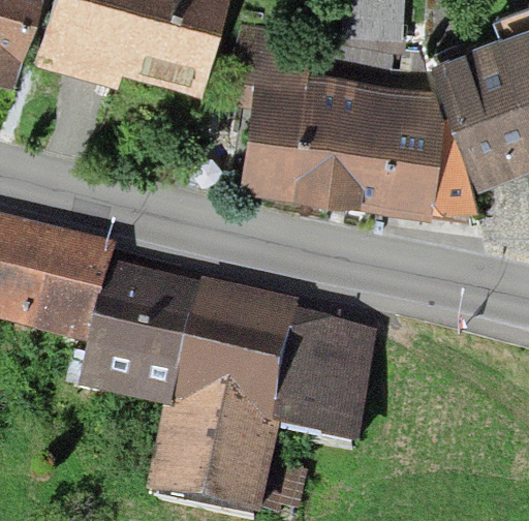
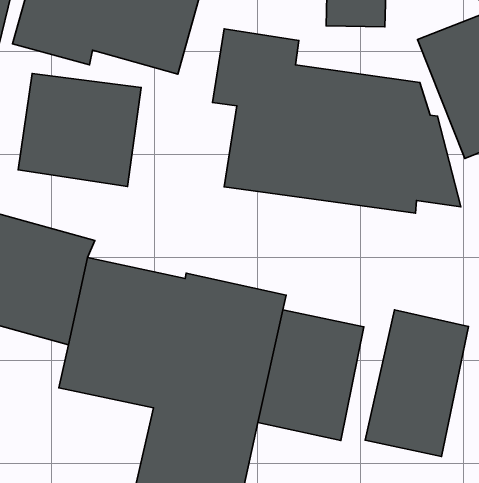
building: none -> [18,74,141,186]
building: none -> [365,310,468,457]

